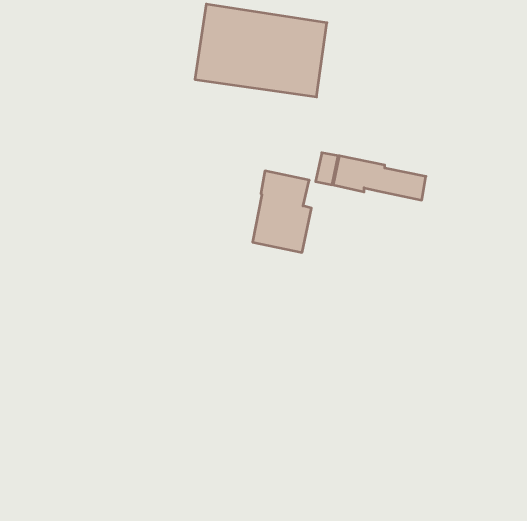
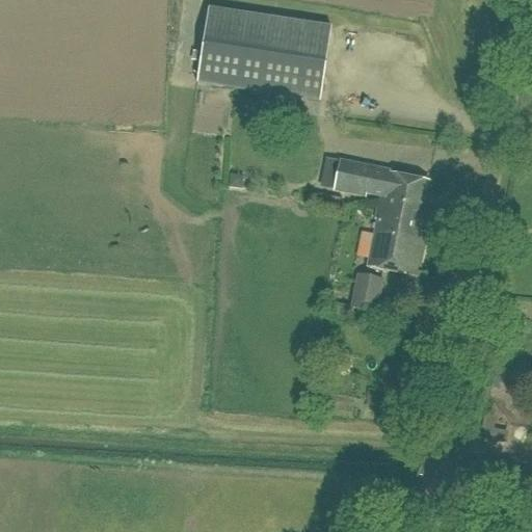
building: [253,171,311,252] -> [368,192,427,274]
building: none -> [349,270,381,311]

